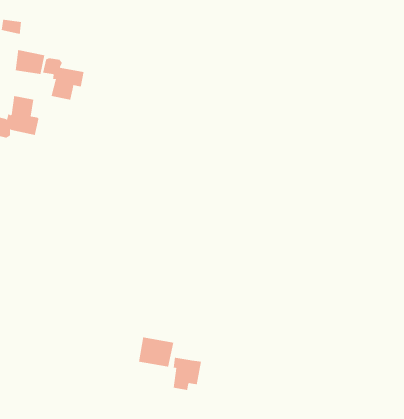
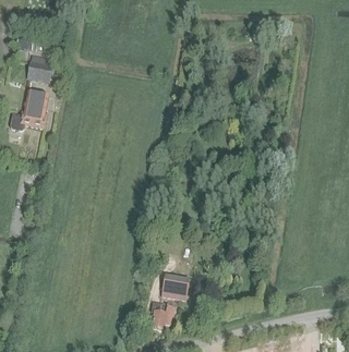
building: [42,57,84,100] -> none
building: [138,337,174,367] -> [163,275,191,299]

